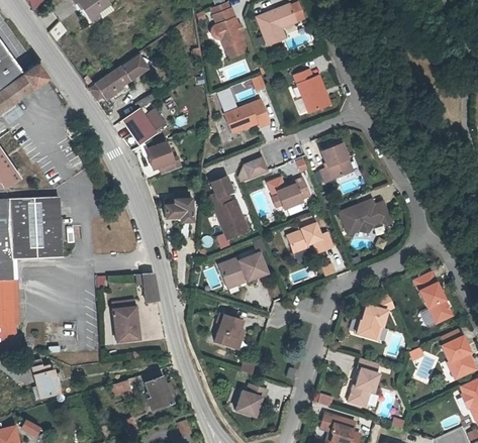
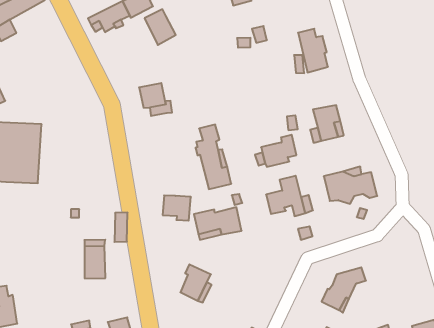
building: [224,99,270,129] -> none
building: [124,106,157,141] -> [145,9,176,45]
building: [238,155,270,181] -> none
building: [163,199,190,223] -> [163,195,191,221]
building: [416,270,453,322] -> none

